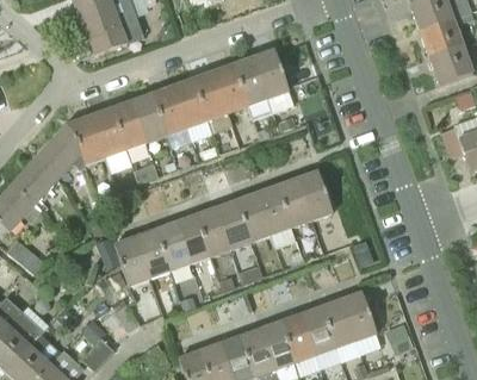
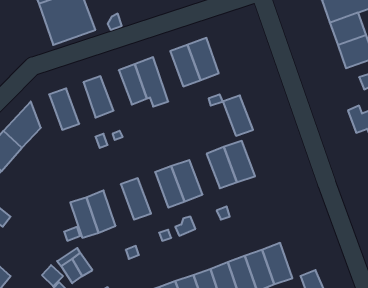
building: [211,64,247,113] -> none
building: [149,87,186,135] -> none
building: [109,101,143,150] -> none
building: [67,116,104,164] -> none
building: [254,186,290,233] -> [223,95,253,136]
building: [193,207,229,256] -> none
building: [153,222,188,270] -> none

